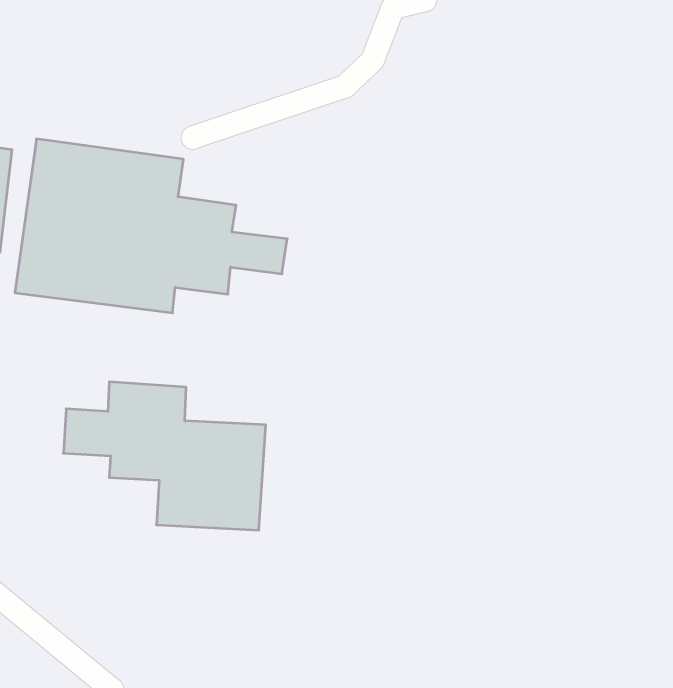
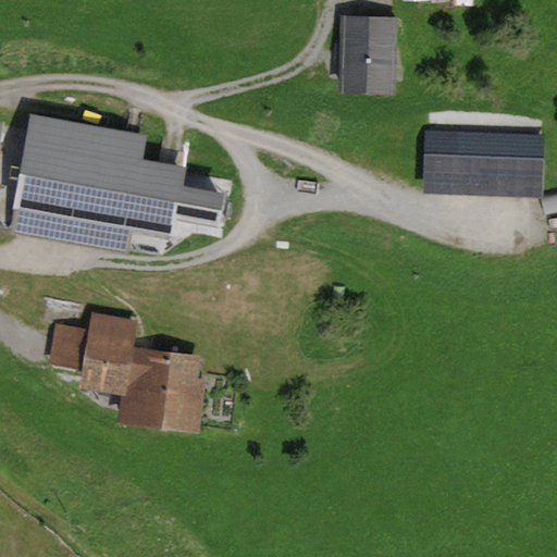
building: none -> [325,16,384,97]
building: none -> [409,132,531,199]

